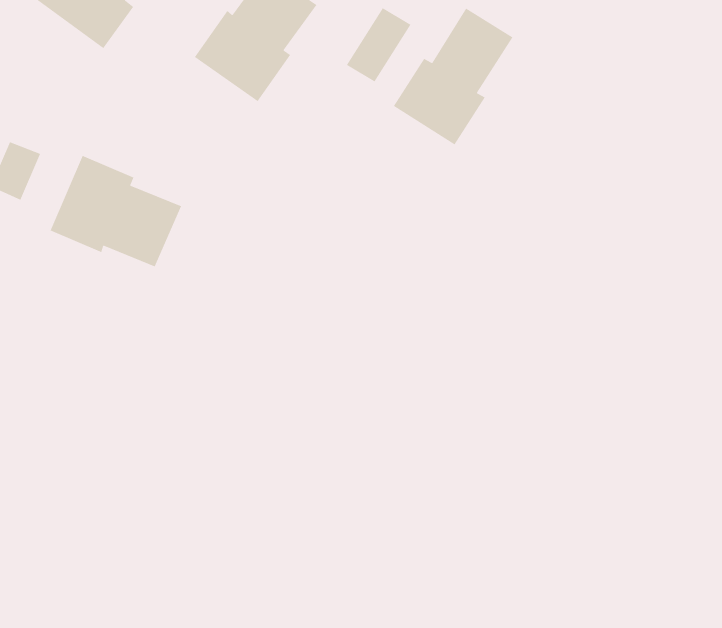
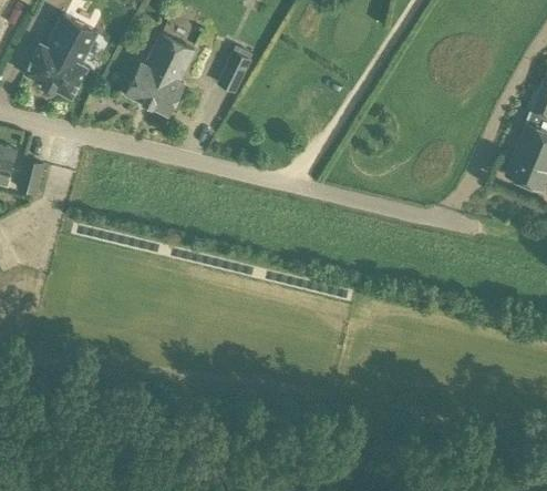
building: [393,7,513,145] -> none
building: [50,155,182,267] -> none

